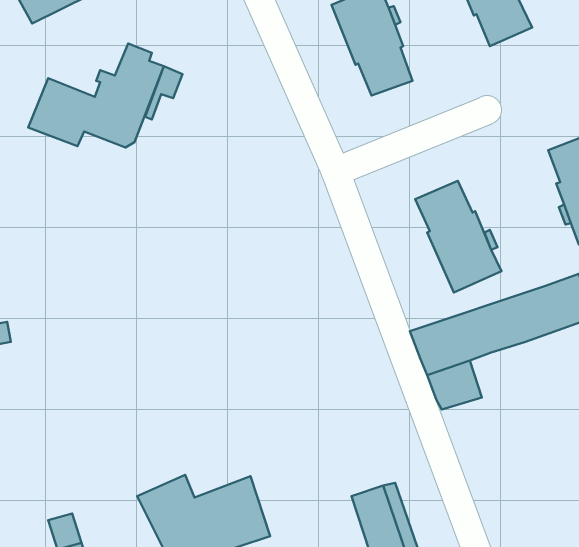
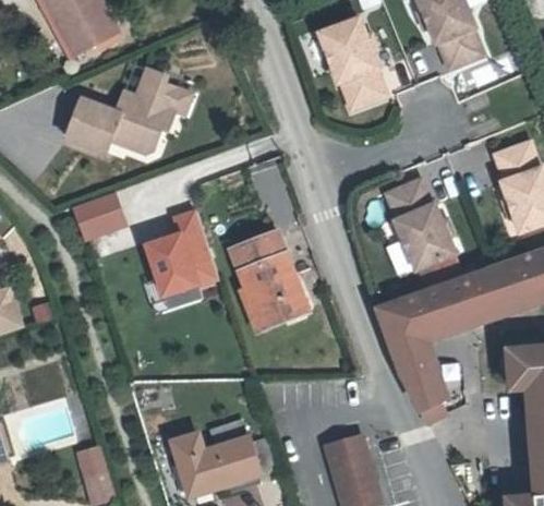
building: none -> [70,186,125,238]
building: none -> [147,212,219,298]
building: none -> [230,231,307,336]
building: none -> [404,360,451,421]

